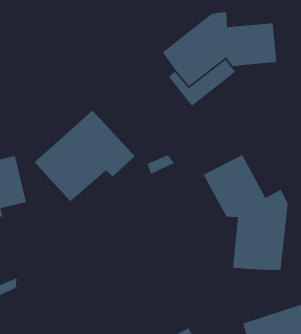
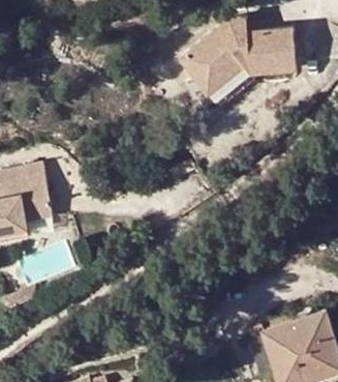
building: [34,110,135,202] -> none
building: [202,154,288,271] -> none

